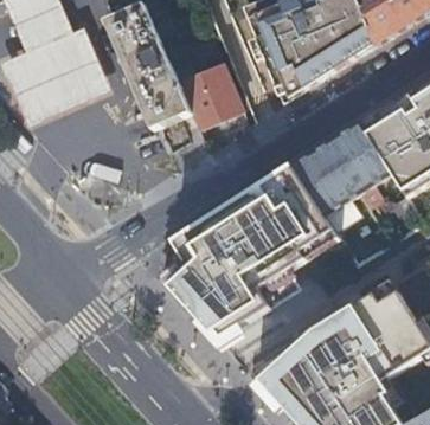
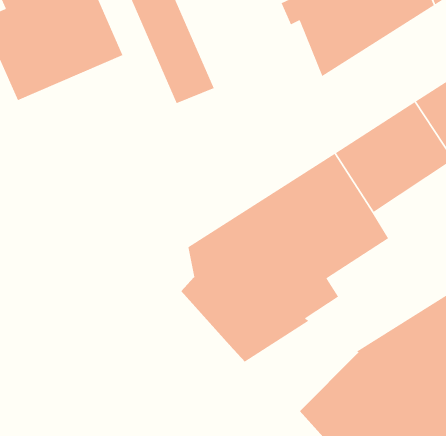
building: [174,63,243,129] -> none

